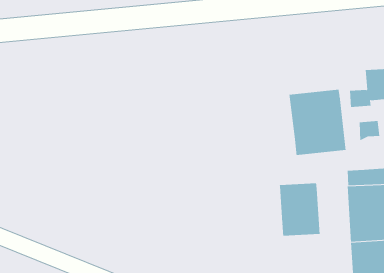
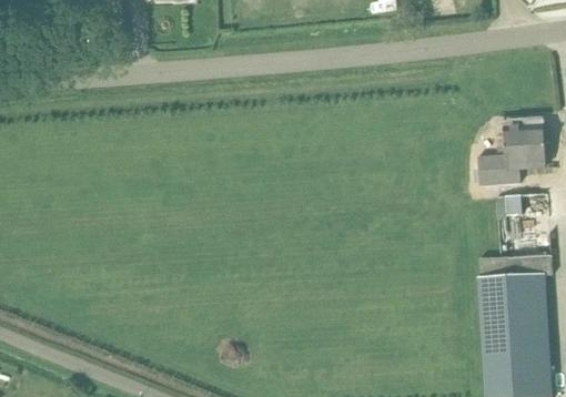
building: [289,89,346,156] -> none
building: [279,182,320,237] -> none

